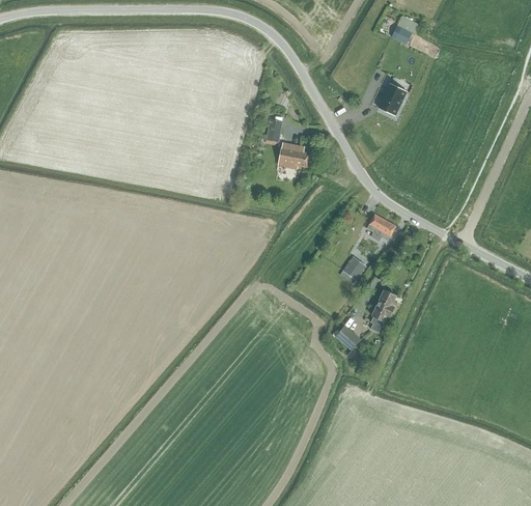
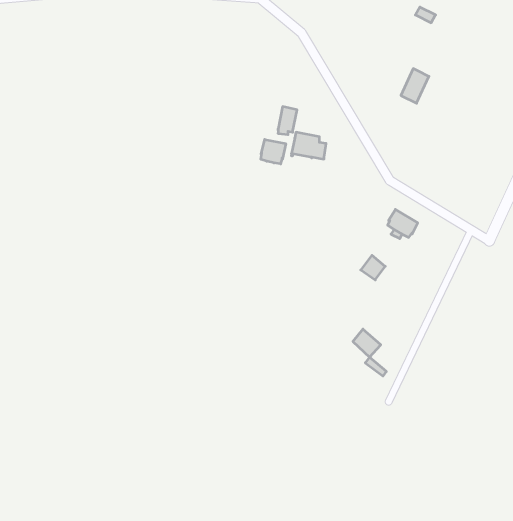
building: none -> [261,139,286,164]
building: [370,290,395,332] -> none

